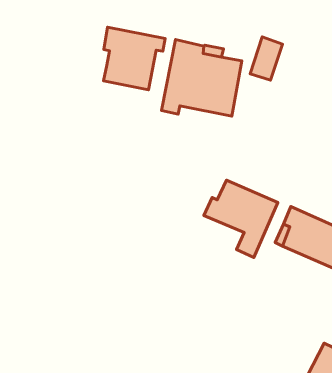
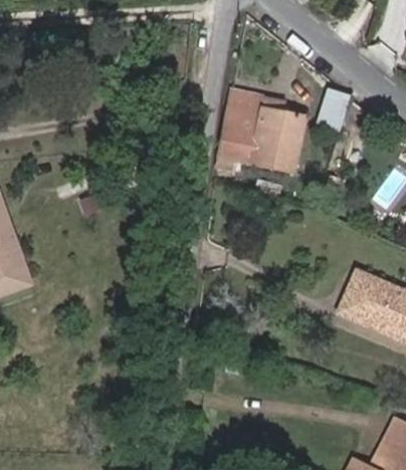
building: [104,27,165,90] -> none
building: [204,180,278,257] -> none

